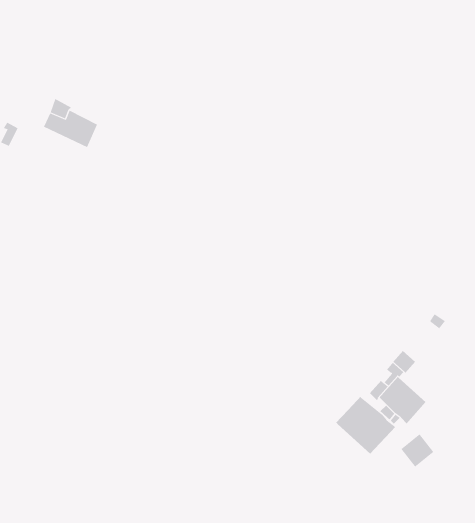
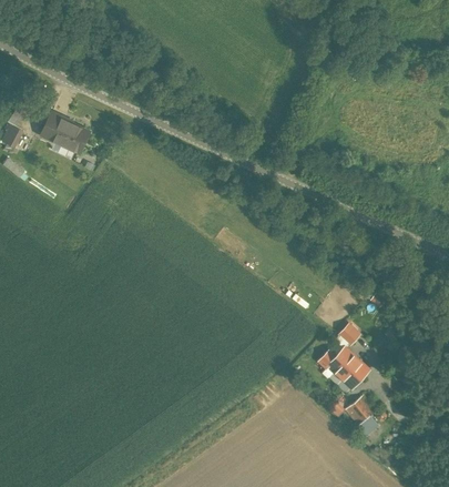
building: [335,395,396,455] -> none

